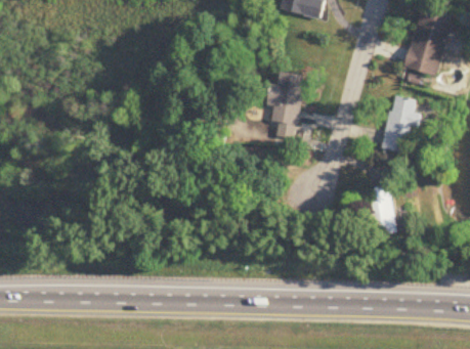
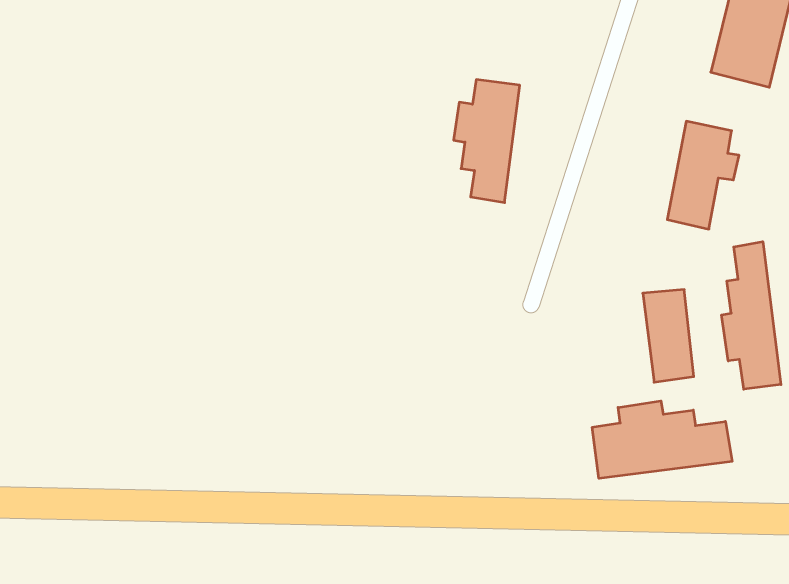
building: none -> [722,242,781,389]
building: none -> [592,401,732,478]

